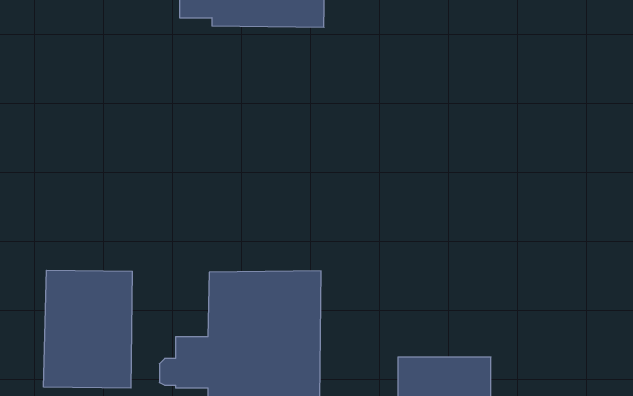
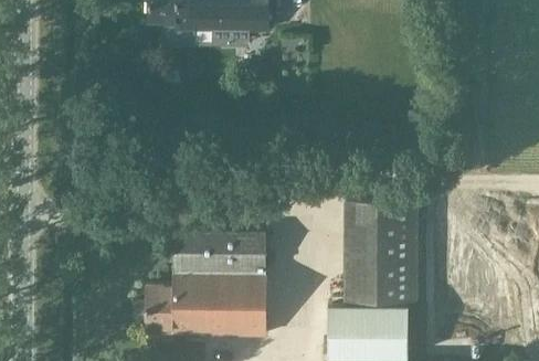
building: none -> [345,198,416,298]
building: [44,270,132,388] -> none

